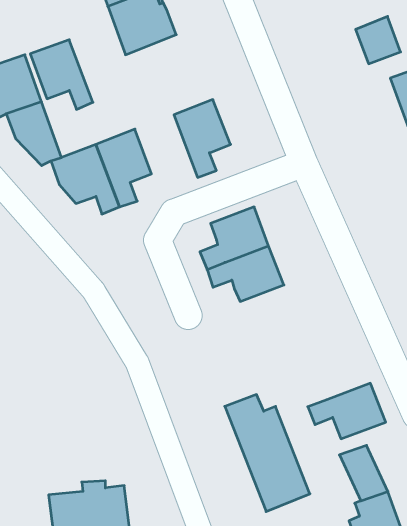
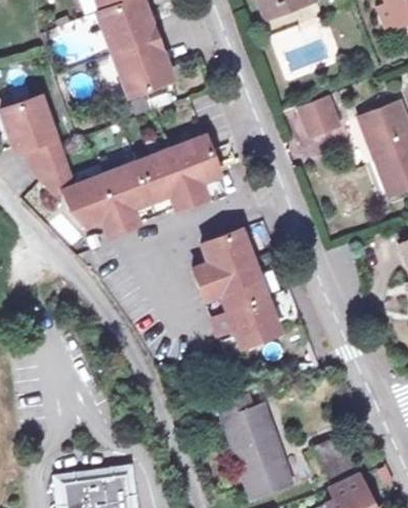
building: [356,16,401,64] -> [302,95,341,136]
building: [30,40,93,109] -> [137,148,192,209]
building: [308,383,386,439] -> [213,296,281,345]

